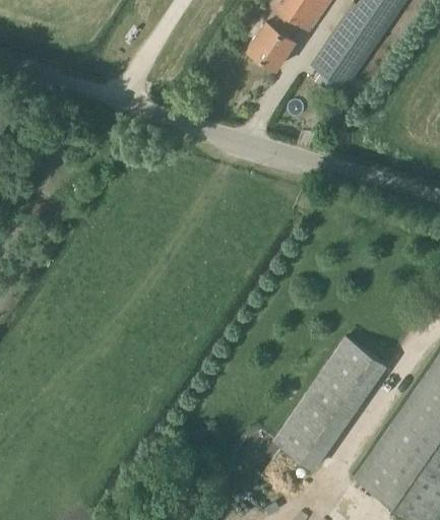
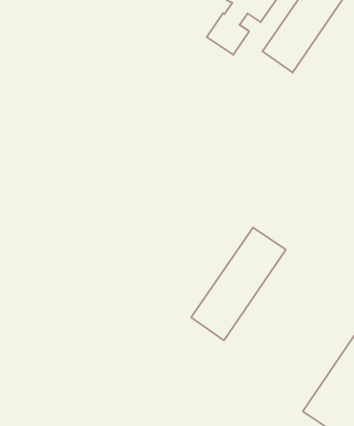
building: [275,337,384,467] -> [191,227,286,340]

